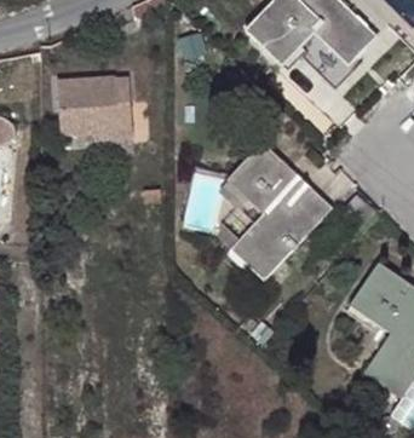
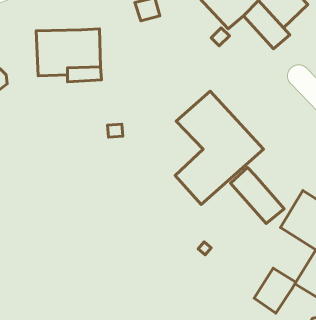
building: none -> [230,167,284,223]
building: none -> [254,268,296,313]

